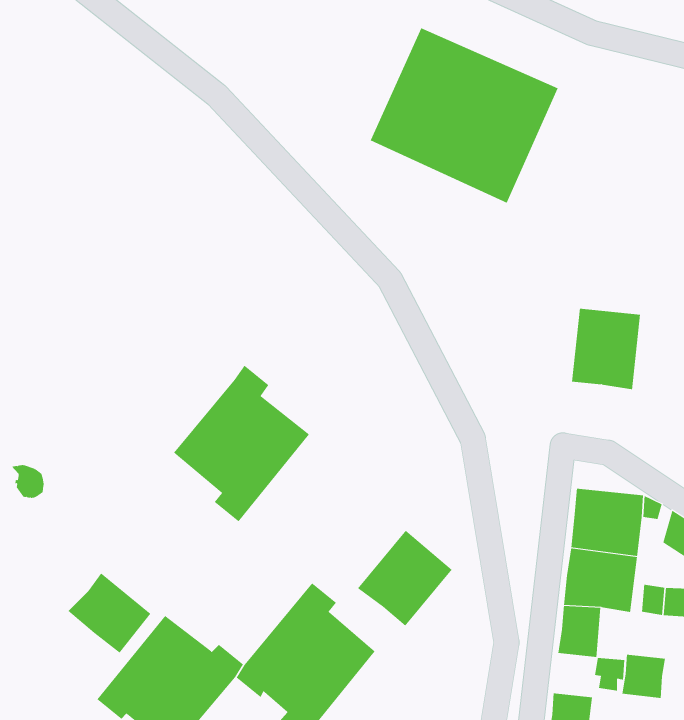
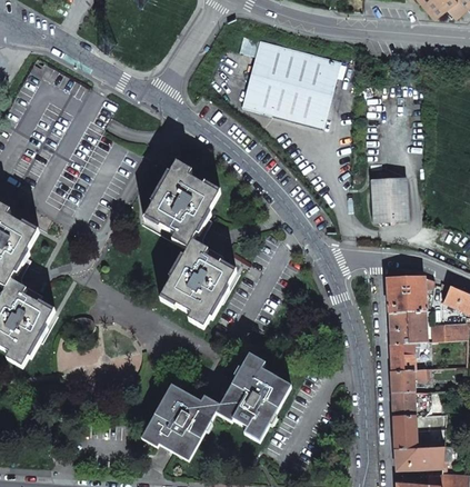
building: none -> [144,162,220,250]
building: [357,530,452,626] -> none
building: [67,573,151,653] -> none
building: [622,654,666,698] -> [391,370,414,394]

